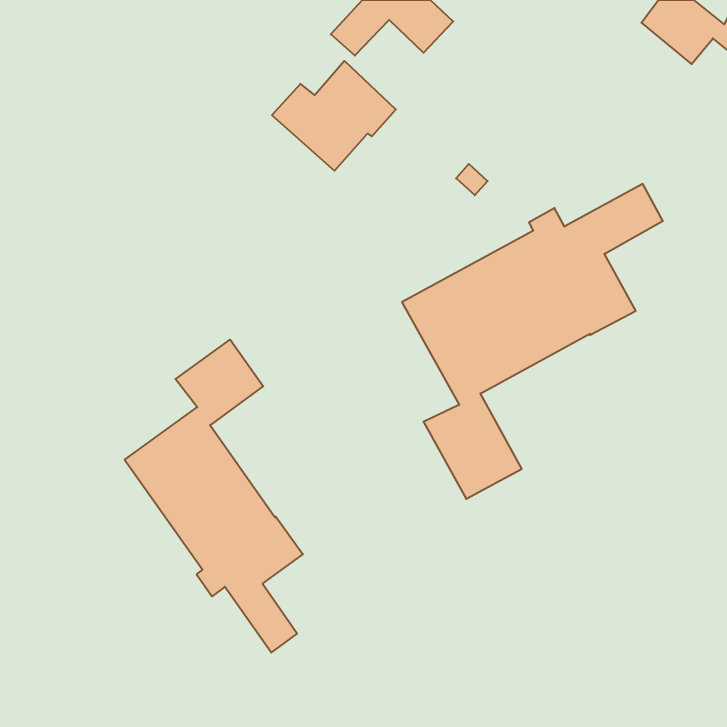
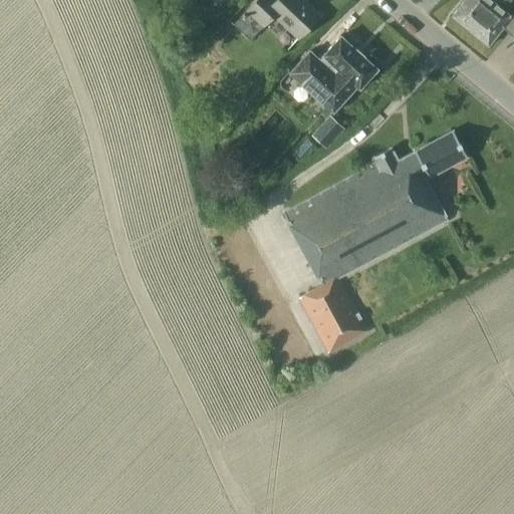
building: [272,61,396,171] -> [290,35,377,112]
building: [125,340,303,653] -> none

